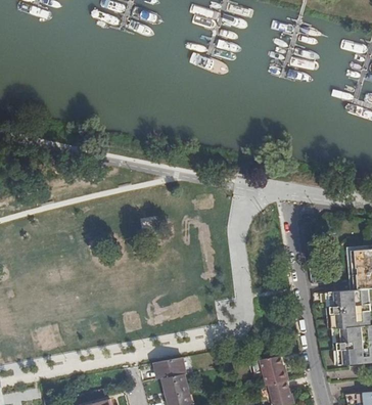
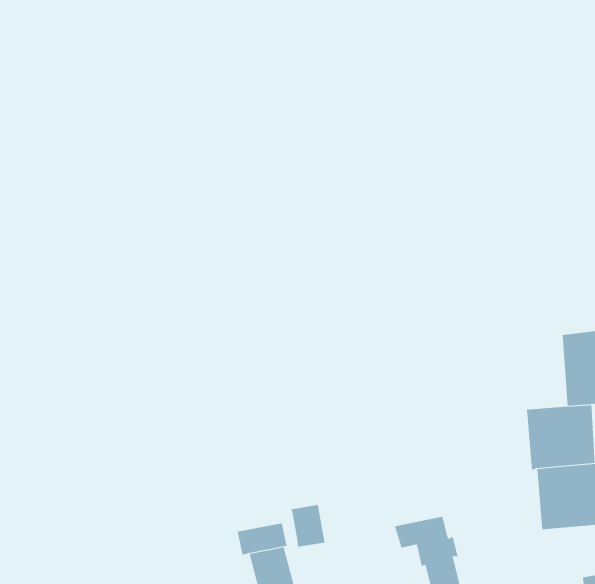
building: none -> [290,504,325,548]

